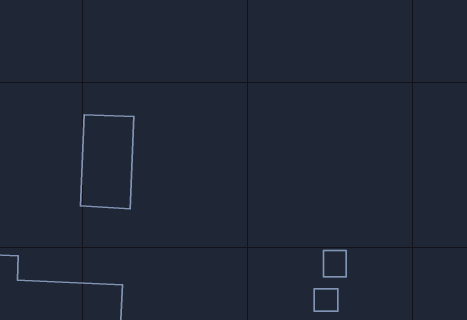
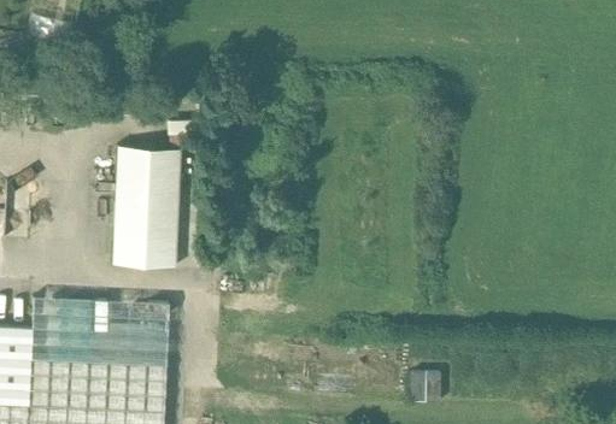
building: none -> [30,299,168,366]
building: [323,251,346,277] -> none

